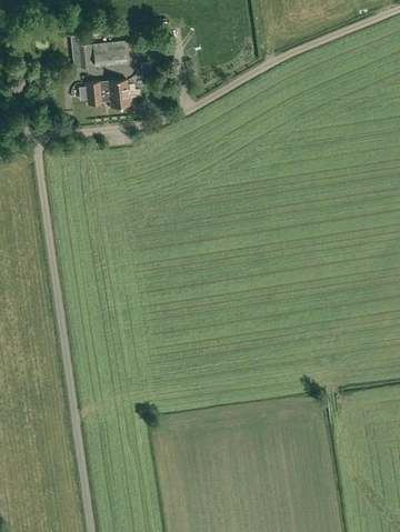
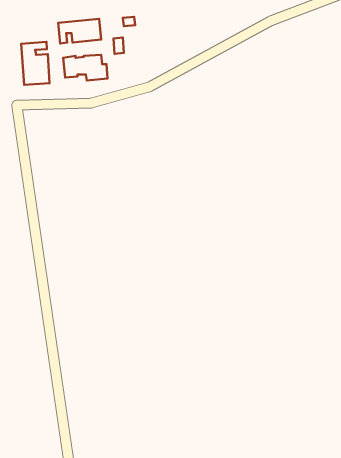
building: none -> [21,42,49,85]

